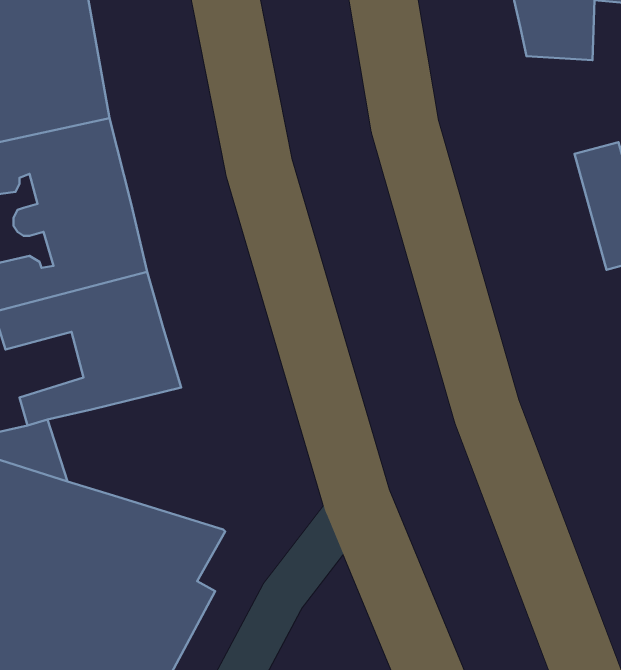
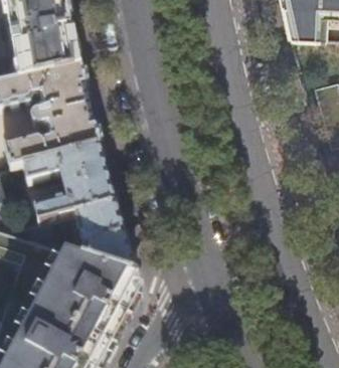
building: none -> [68,205,135,277]

